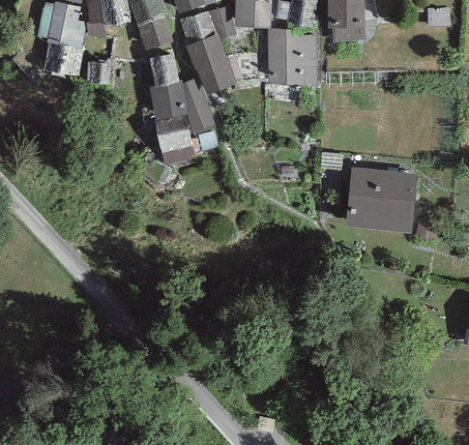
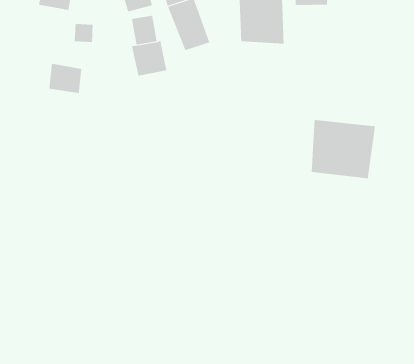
building: [43,41,81,75] -> [48,63,82,93]
building: [182,79,215,132] -> none
building: [155,119,195,164] -> none

